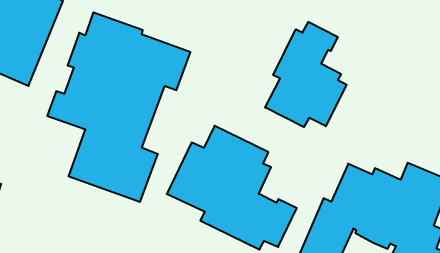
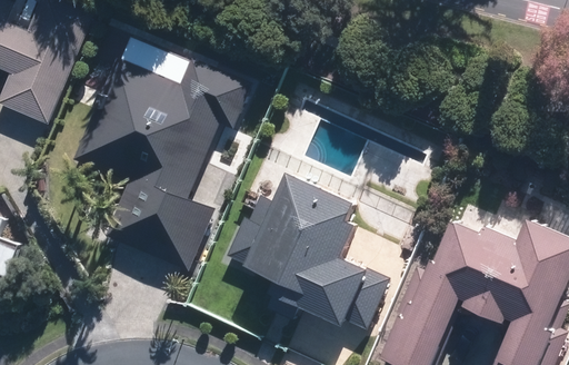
building: [265,22,346,127] -> none

